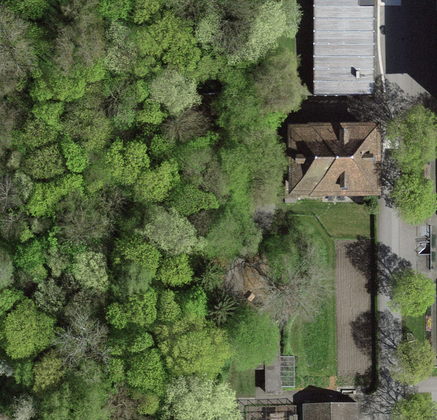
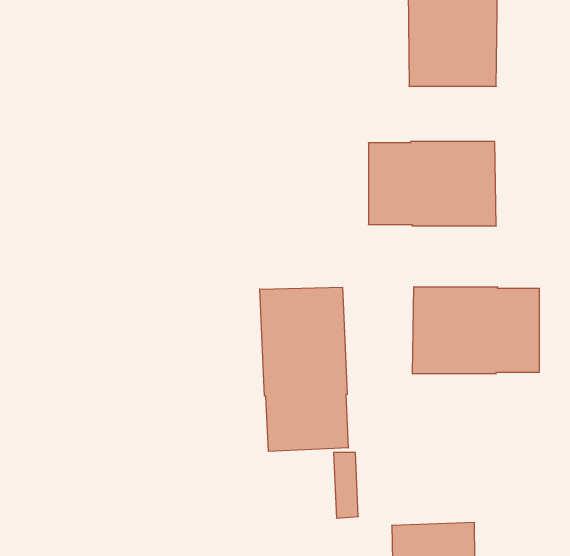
building: none -> [413,287,539,374]
building: none -> [260,287,348,451]

